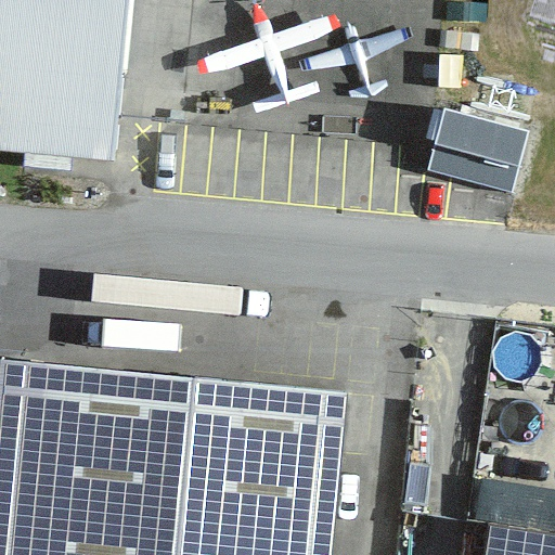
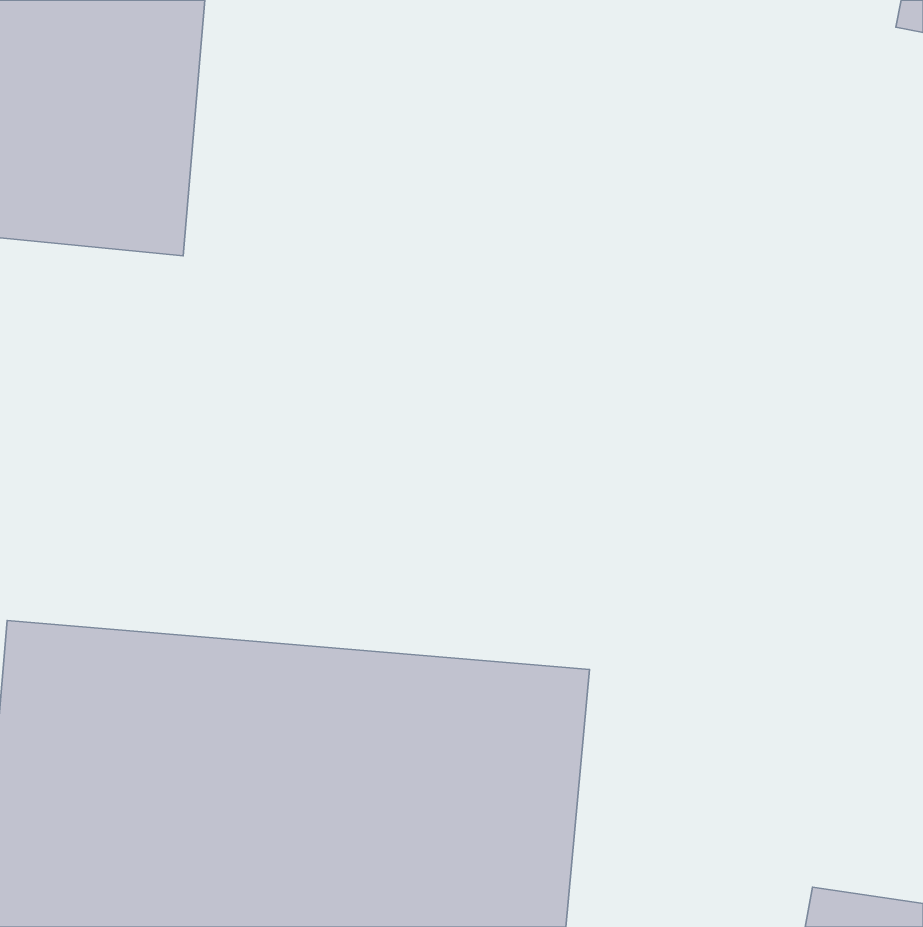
building: [426,109,526,191] -> none

